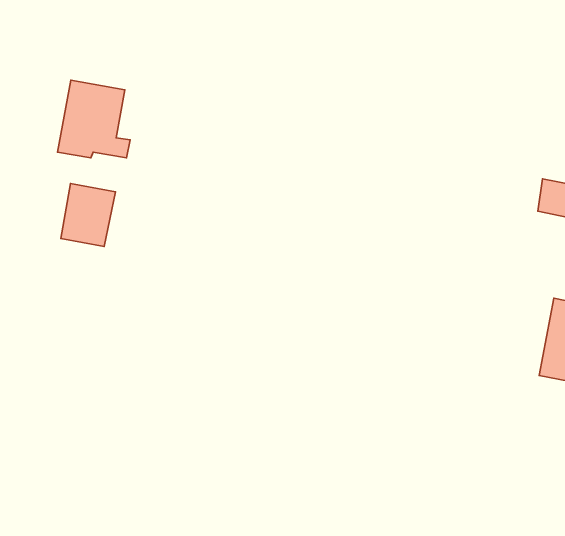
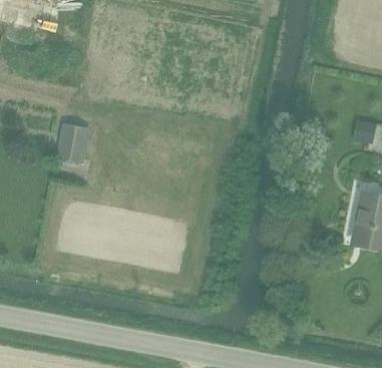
building: [58,80,130,158] -> none

